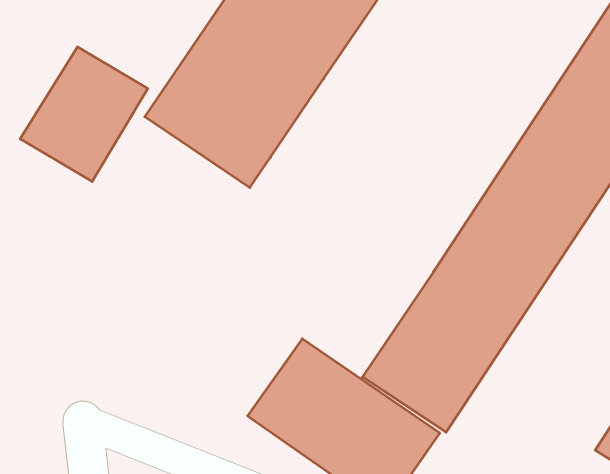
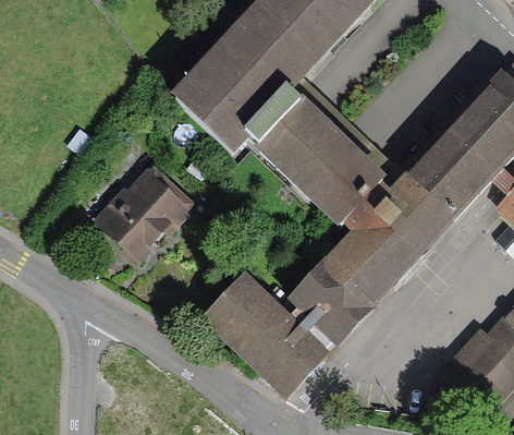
building: [20,47,148,182] -> [97,167,189,261]
building: none -> [247,90,391,234]

